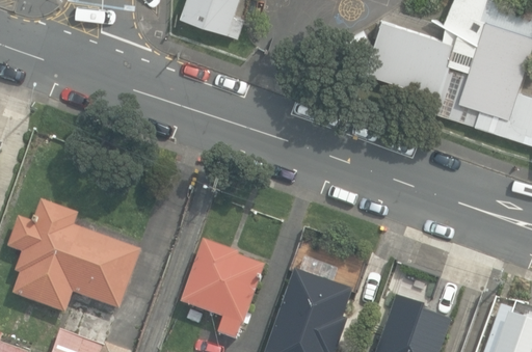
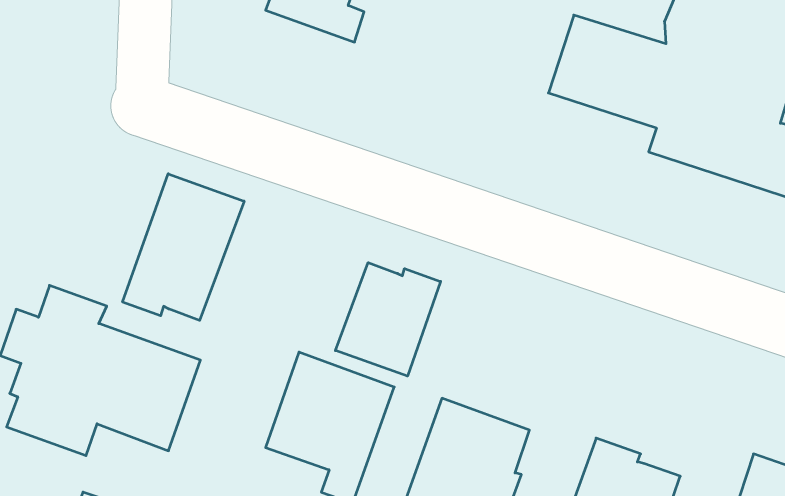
building: none -> [123,174,244,320]
building: none -> [335,263,441,376]

